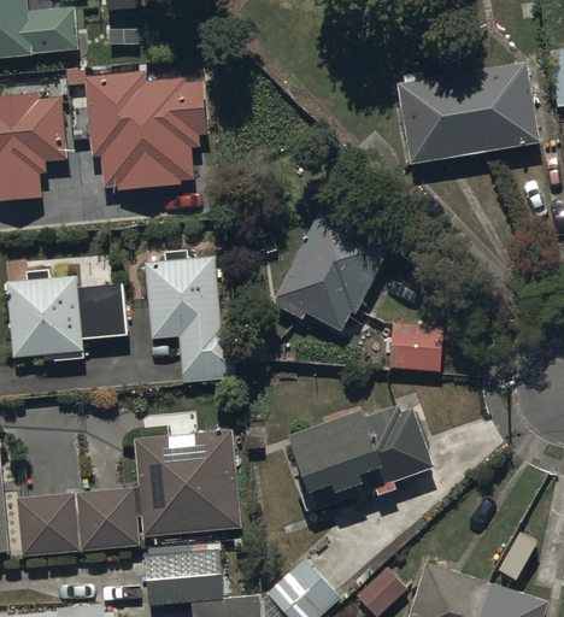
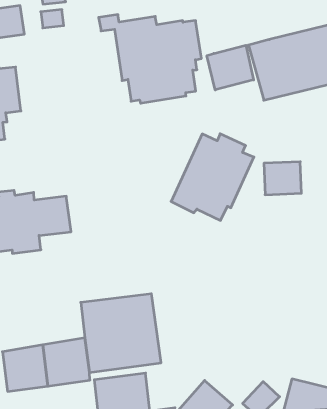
building: [63,64,205,192] -> [99,15,201,103]
building: none -> [207,45,254,90]
building: [142,245,236,383] -> none
building: [389,322,442,368] -> [264,162,301,195]
building: [292,407,433,513] -> none

